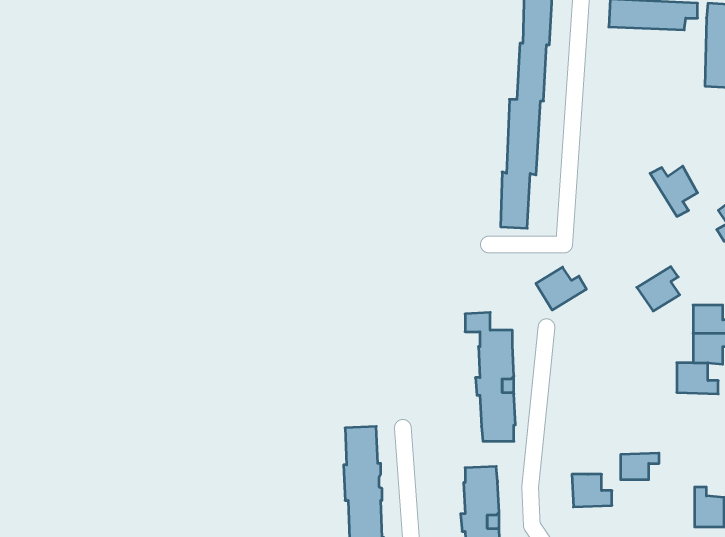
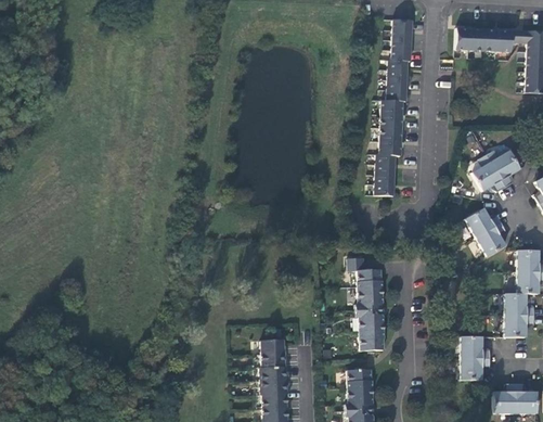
building: none -> [471,154,504,191]
building: [536,267,586,310] -> [463,206,500,238]
building: none -> [504,315,534,336]
building: [572,474,612,507] -> [462,336,491,360]
building: none -> [493,384,517,413]

